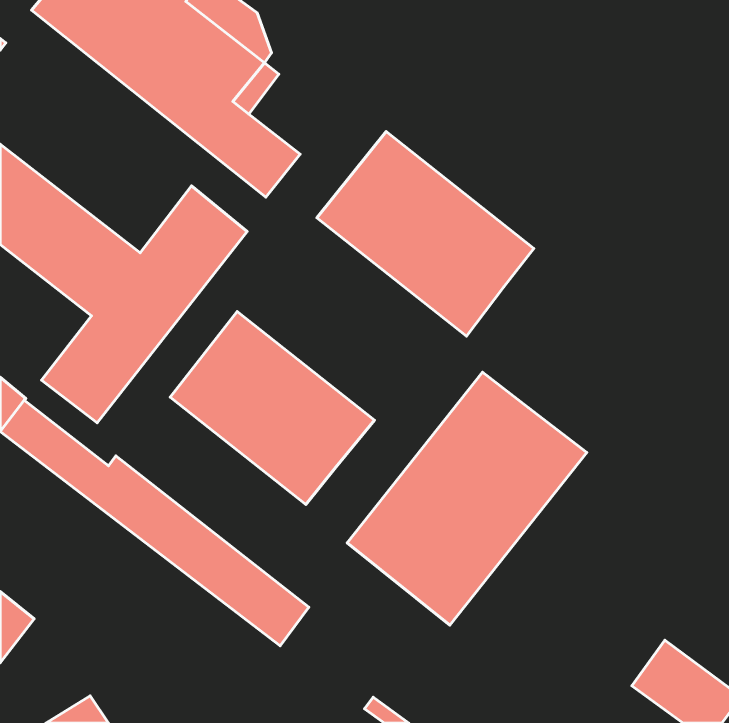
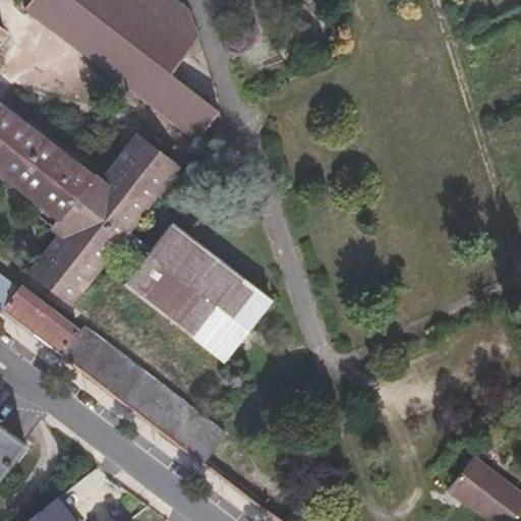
building: [317,131,534,336] -> none
building: [347,372,587,625] -> none

